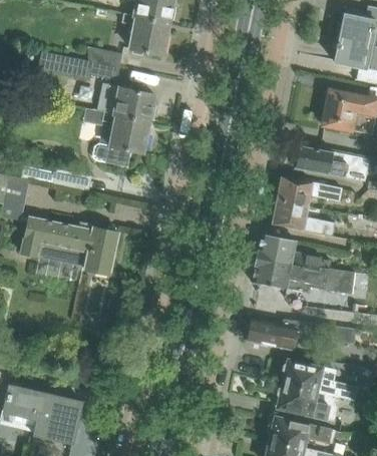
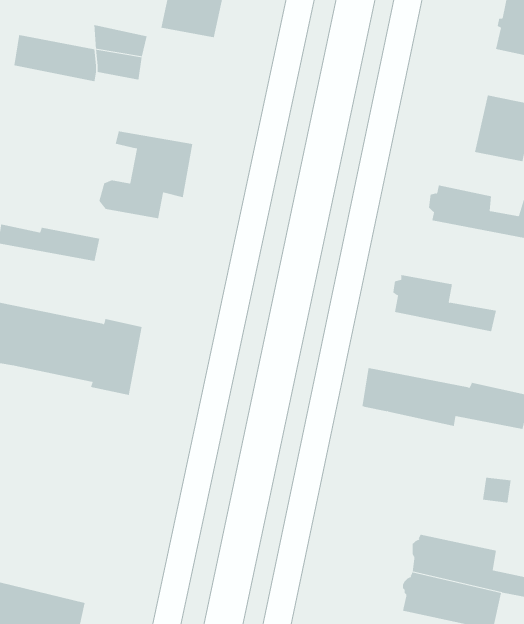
building: [96,83,156,120] -> none
building: [275,176,342,206] -> none
building: [257,235,322,270] -> none
building: [247,319,313,350] -> none

